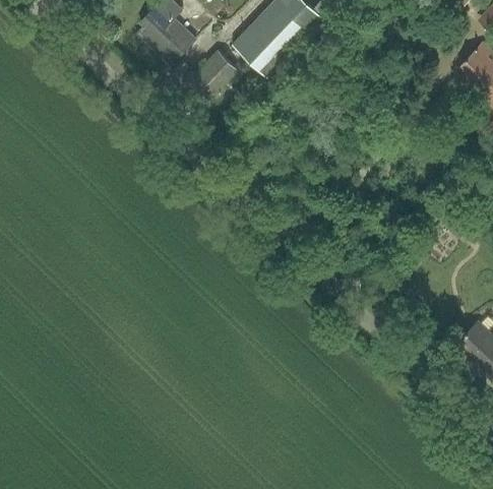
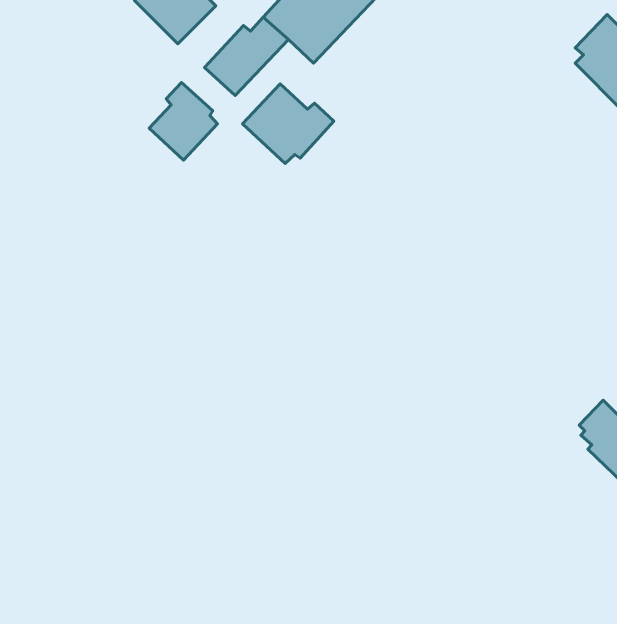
building: none -> [149,82,217,160]
building: none -> [243,84,334,164]

